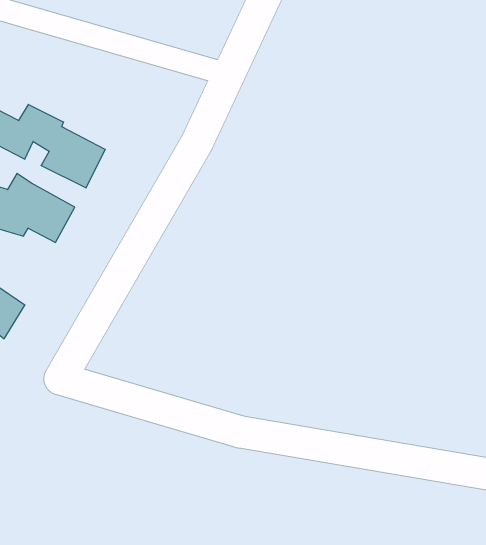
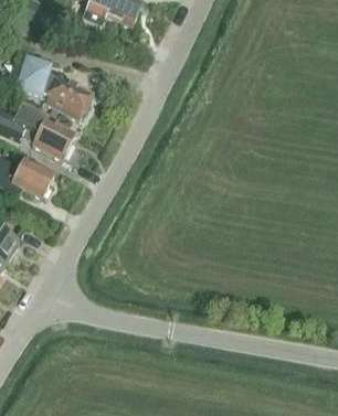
building: none -> [14,58,91,119]

